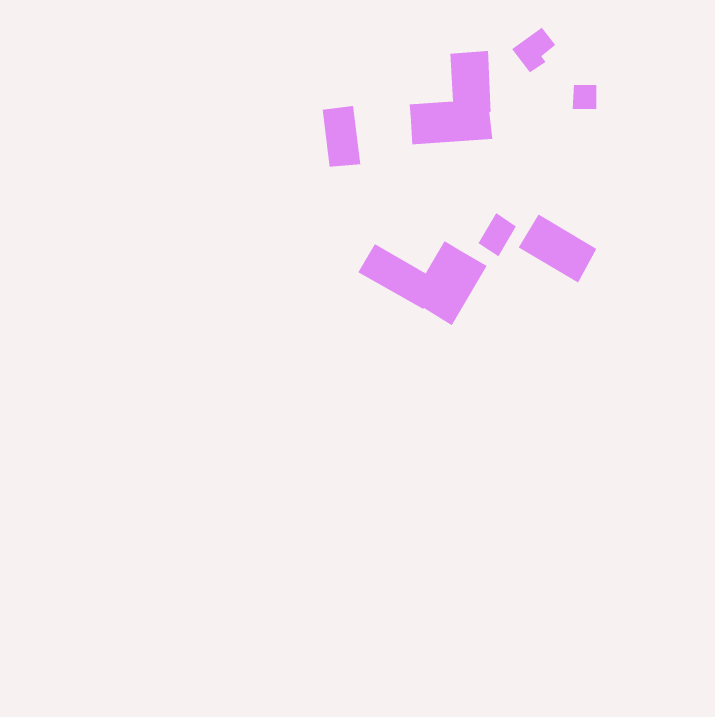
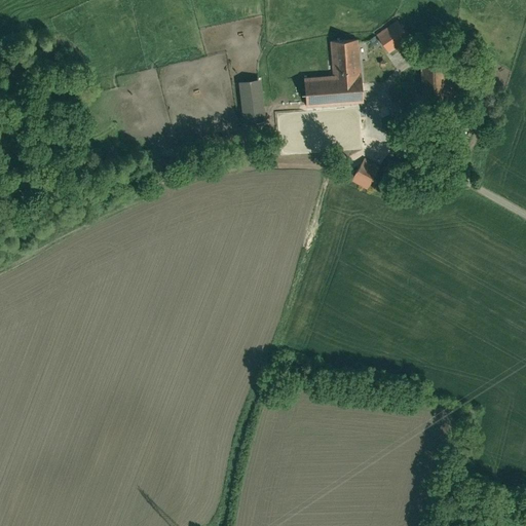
building: [518,214,597,284] -> none
building: [358,240,488,326] -> none

